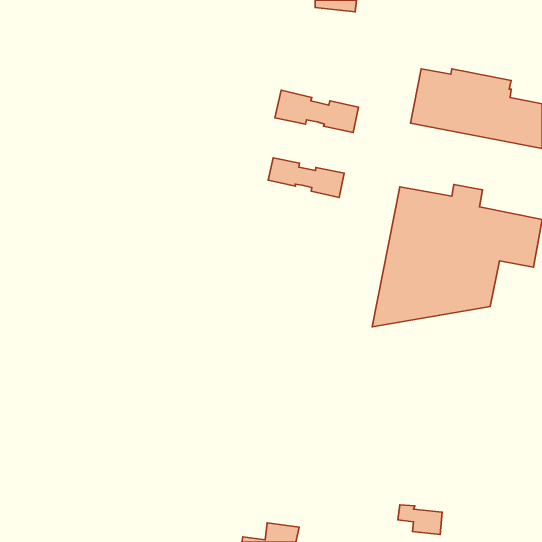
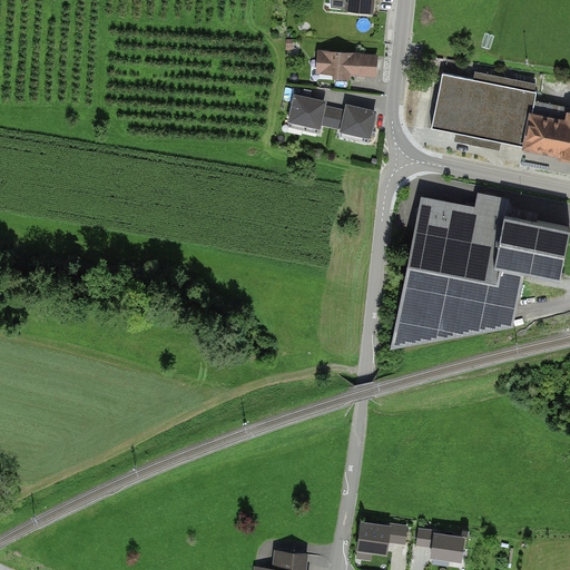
building: none -> [323,50,385,79]
building: [268,158,344,198] -> none
building: none -> [358,523,407,556]

